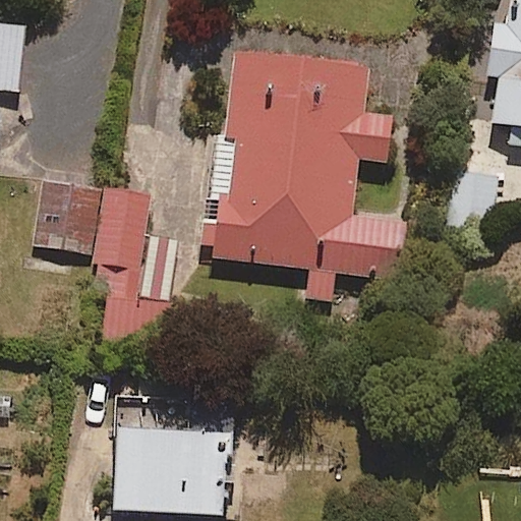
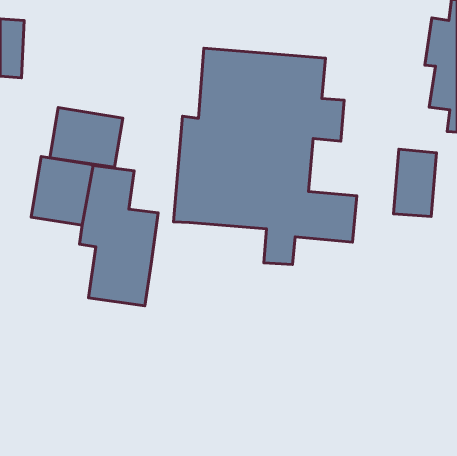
building: none -> [50,108,123,167]
building: [113,426,234,513] -> none

